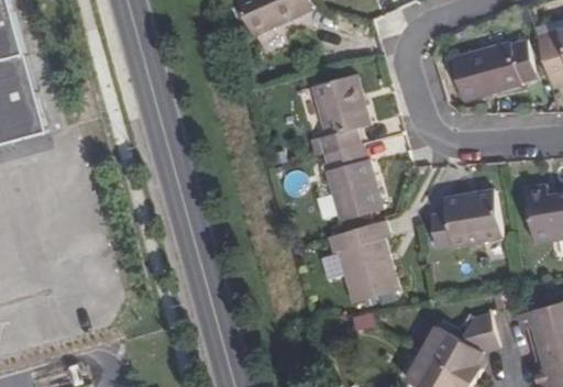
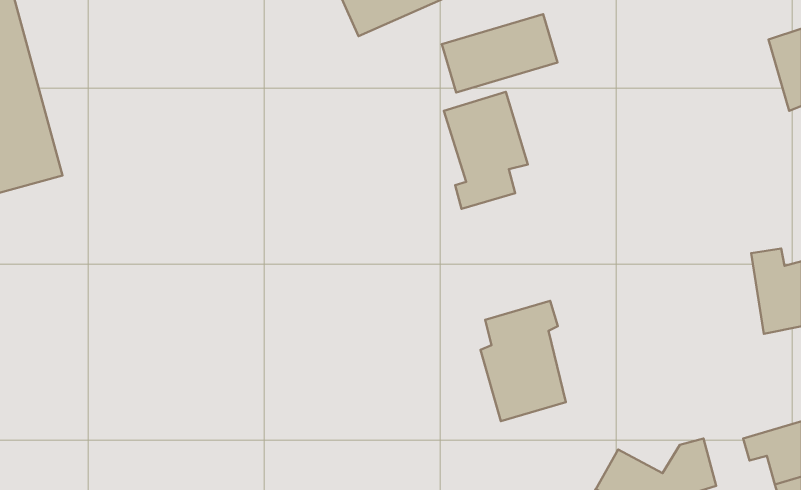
building: none -> [442,14,557,92]
building: [449,41,533,101] -> none
building: [323,145,383,222] -> none
building: [430,191,503,252] -> none

